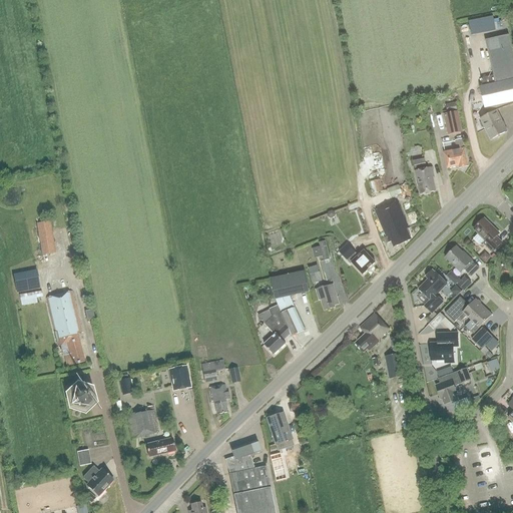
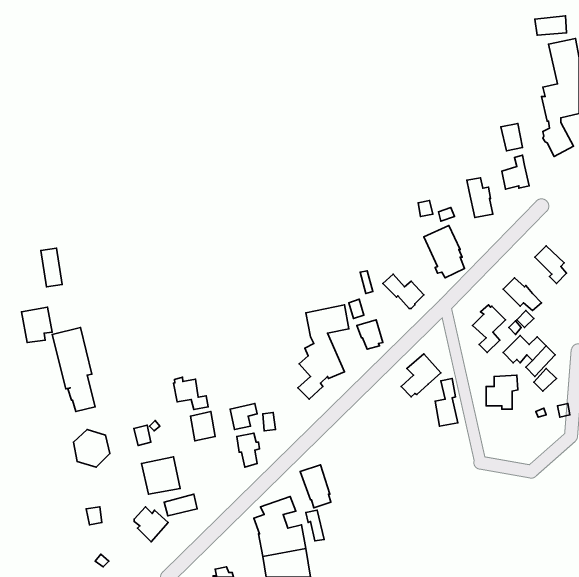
building: none -> [174,377,208,410]
building: [435,367,471,403] -> none
building: [83,464,113,495] -> [134,507,168,542]

